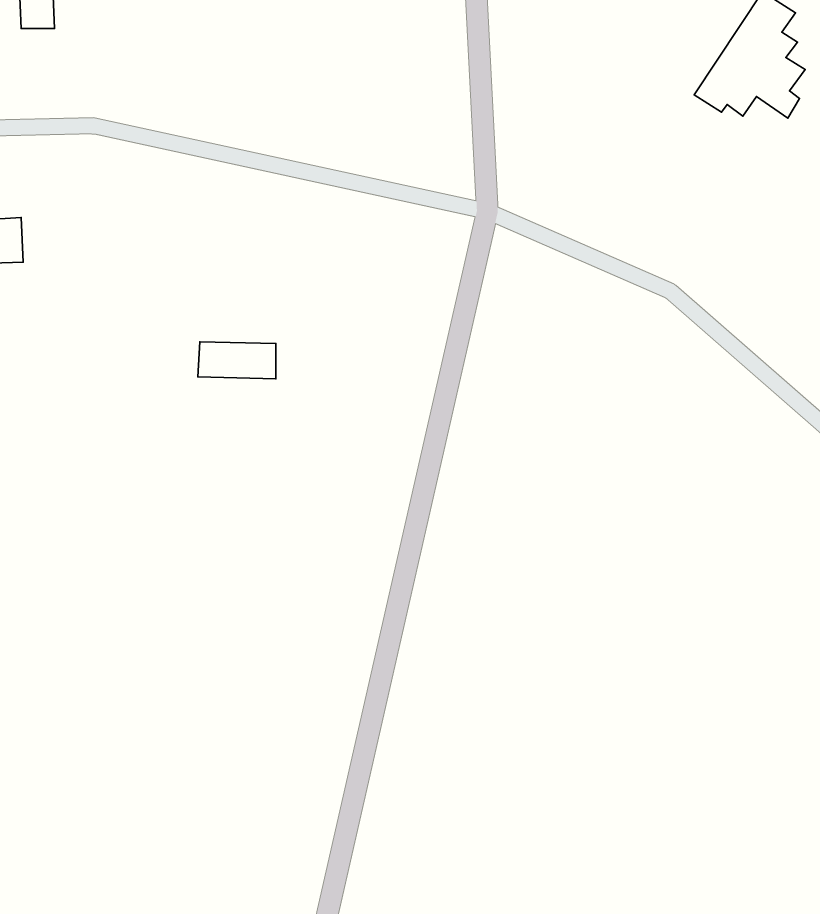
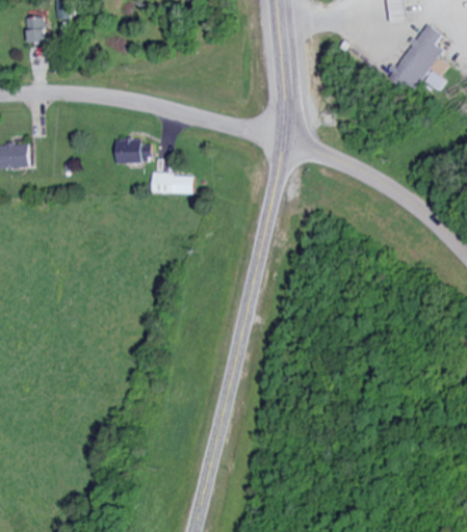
building: none -> [115,138,141,163]
building: [198,342,276,379] -> [151,174,192,193]

